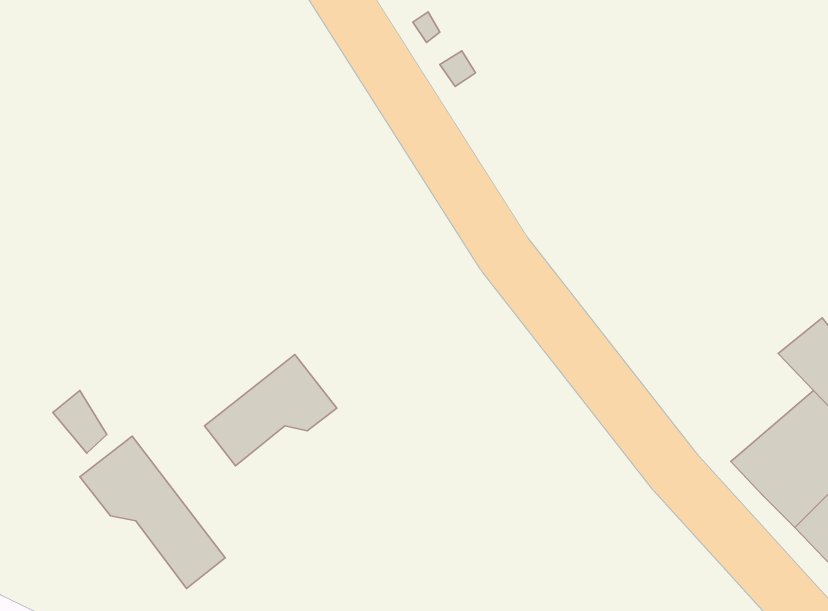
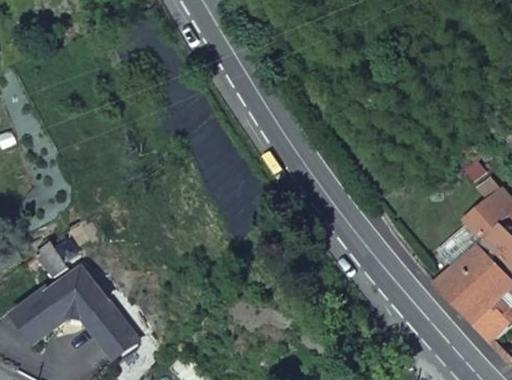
building: [205,354,337,466] -> none
building: none -> [13,285,68,340]

